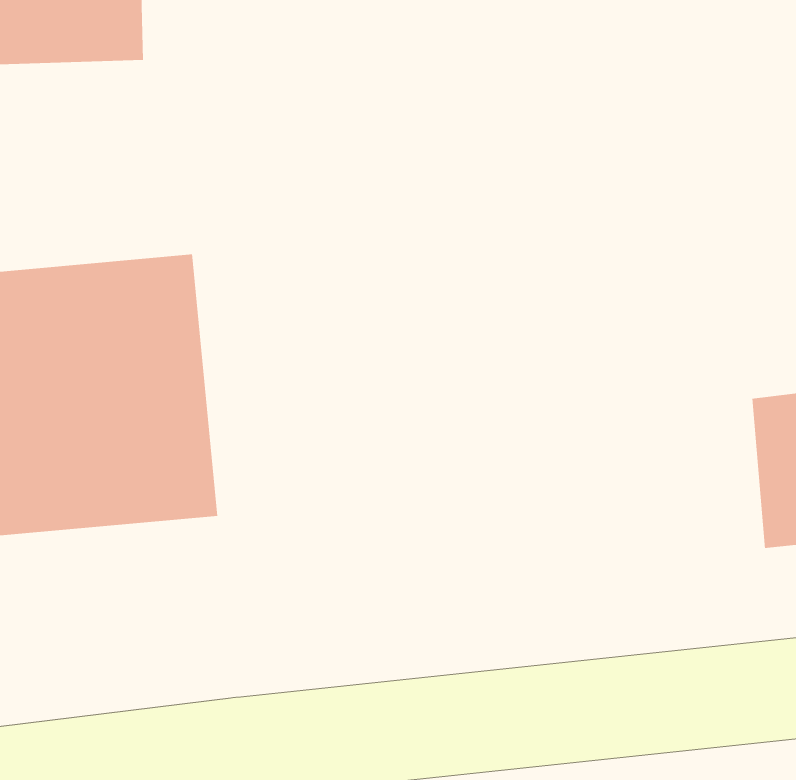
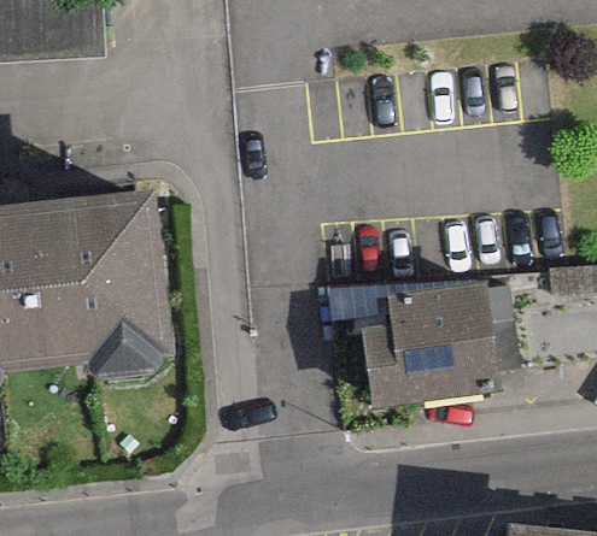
building: none -> [362,283,497,401]

